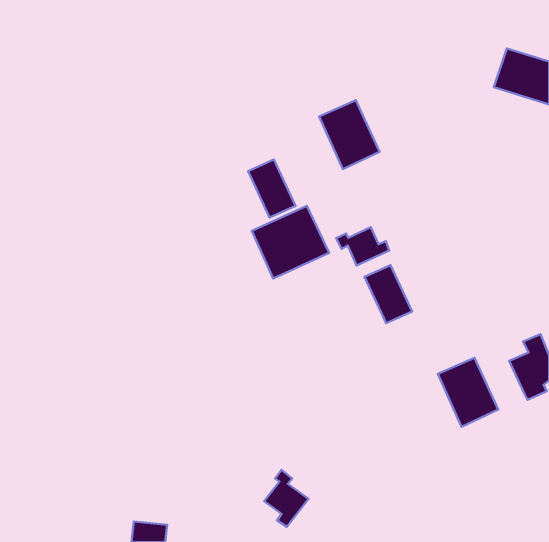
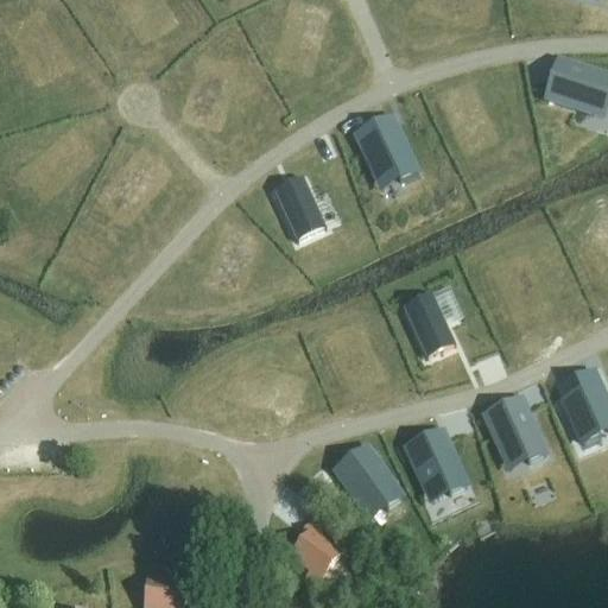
building: [252,206,329,279] -> none
building: [336,227,389,266] -> none
building: none -> [403,425,469,502]
building: none -> [343,450,399,530]

